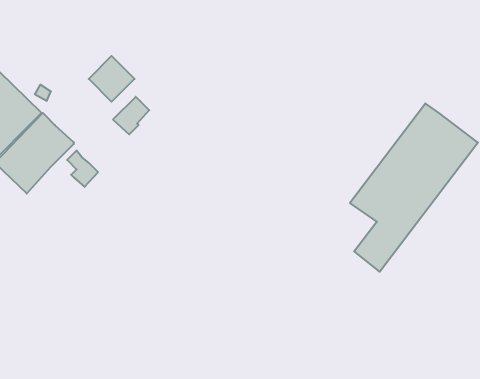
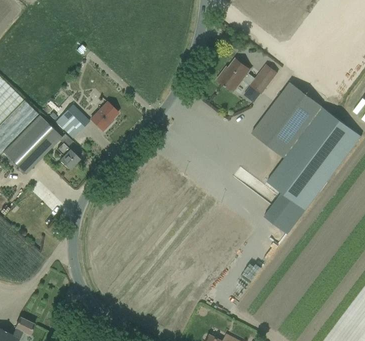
building: none -> [217,59,277,93]
building: [89,56,135,102] -> [55,104,89,138]
building: none -> [251,82,321,157]

